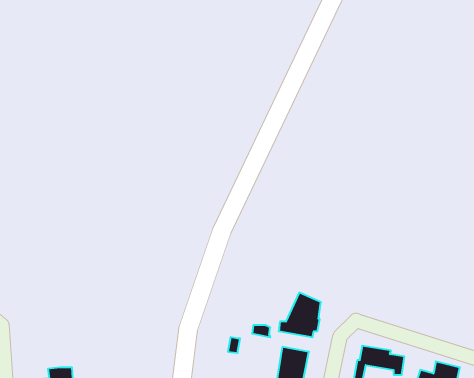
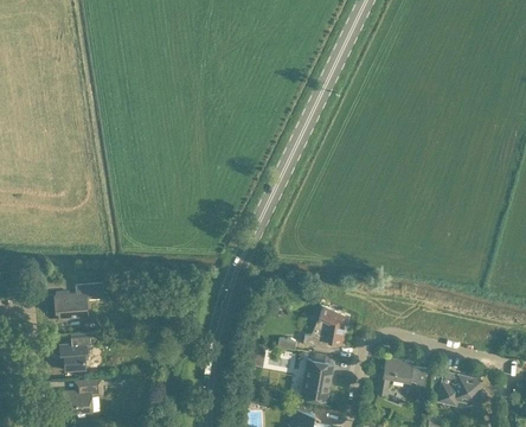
building: none -> [54,283,102,325]
building: none -> [58,332,89,370]

